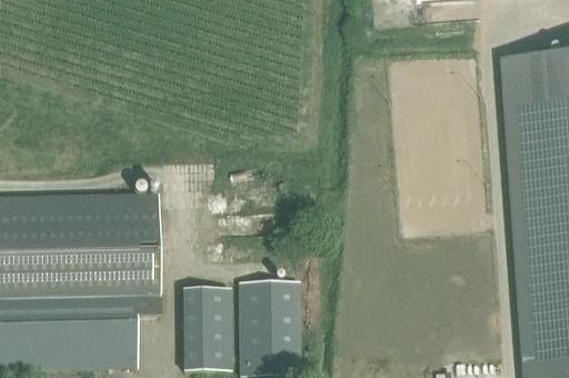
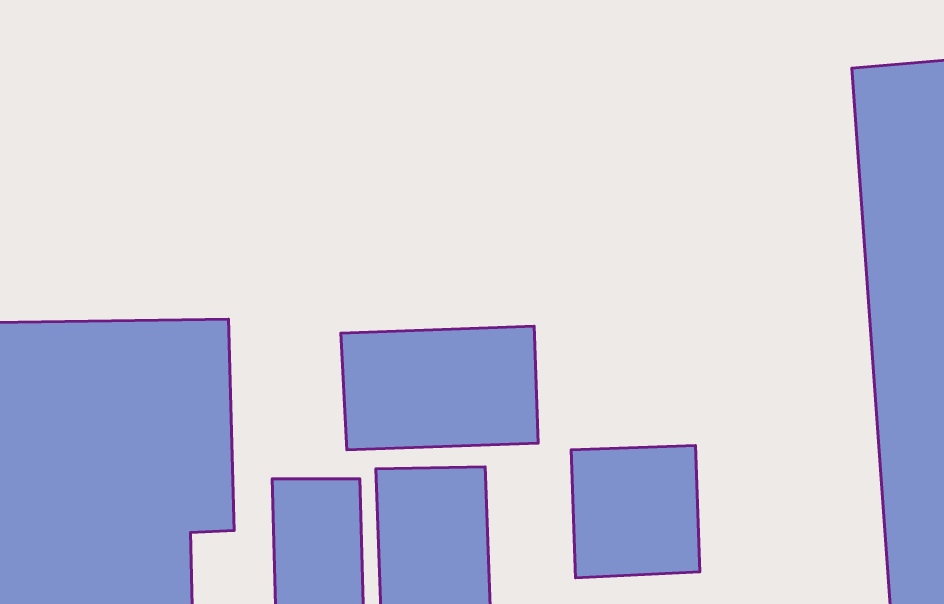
building: none -> [341,326,538,450]
building: none -> [571,446,700,578]

